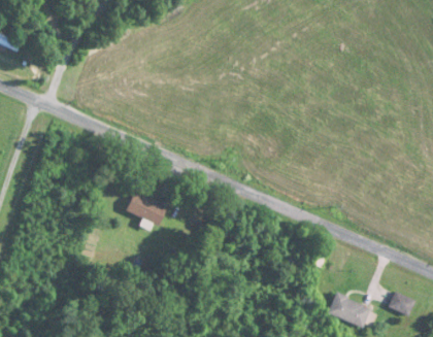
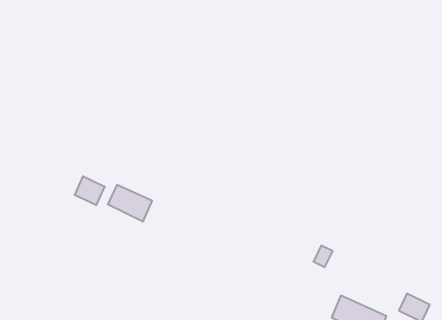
building: none -> [75,176,105,205]

